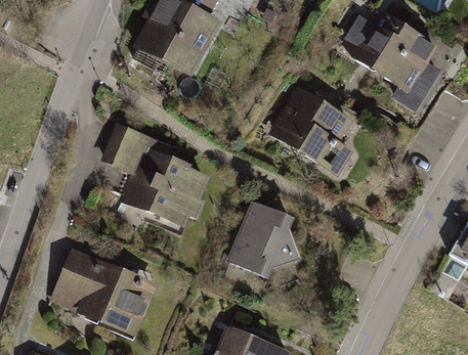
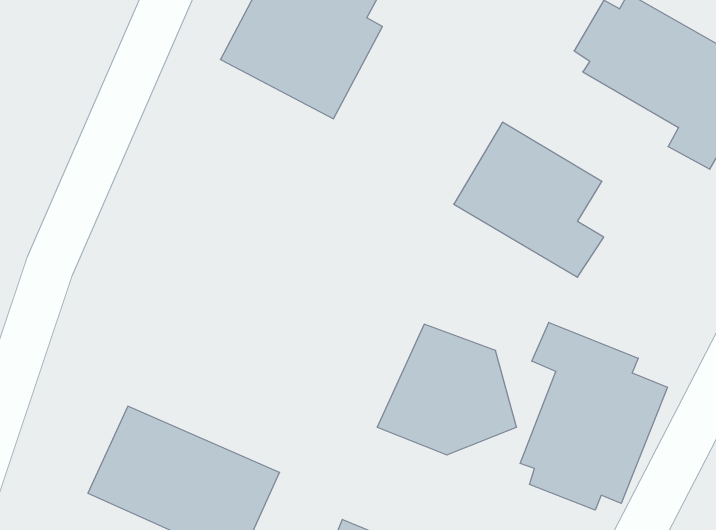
building: [102,124,213,232] -> none
building: none -> [520,322,668,510]

